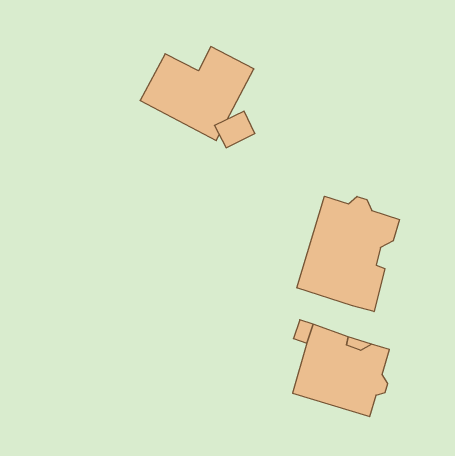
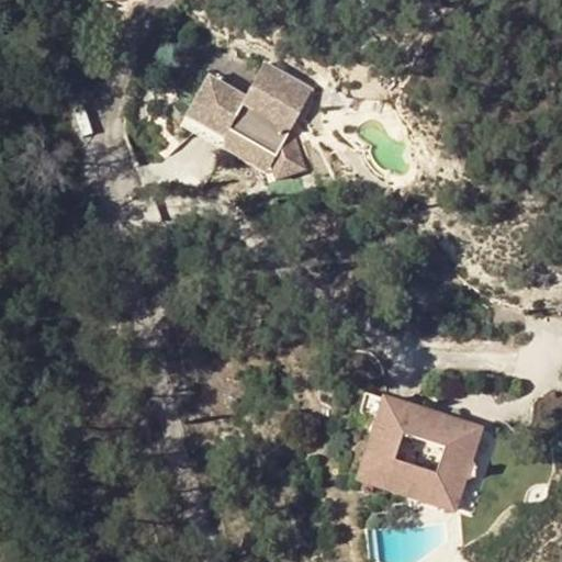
building: [297,196,400,312] -> none

